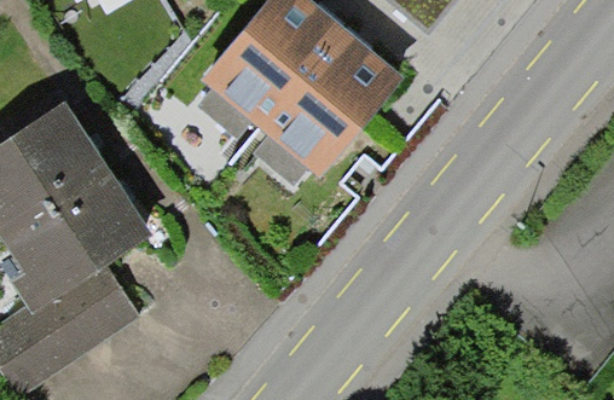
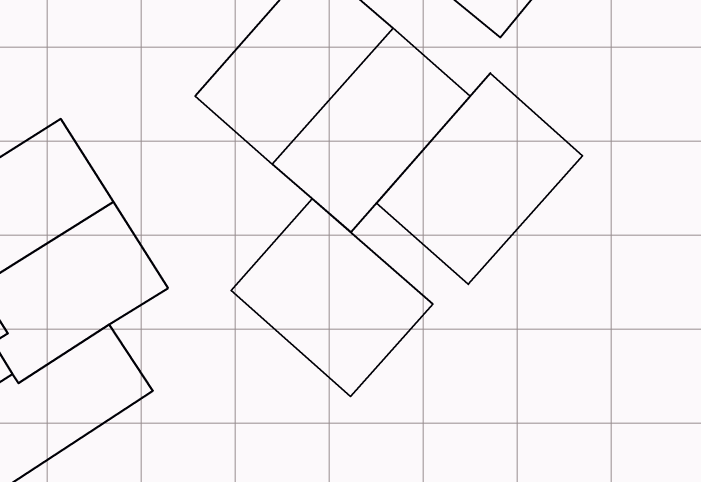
building: none -> [377,73,582,284]
building: none -> [231,199,433,396]

